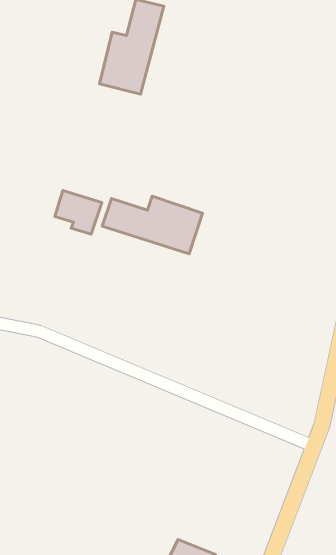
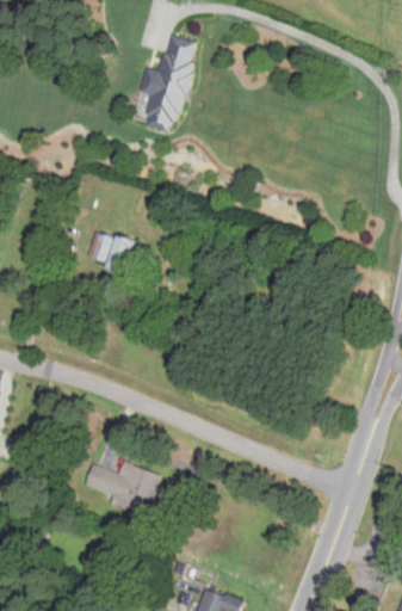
building: [102,196,203,254] -> none
building: none -> [86,459,163,512]

